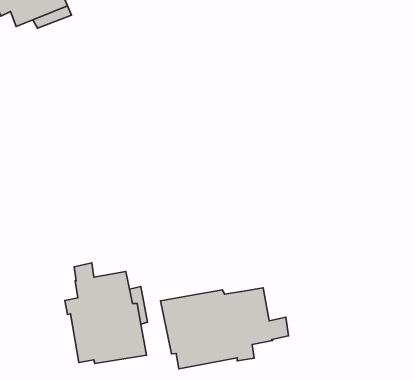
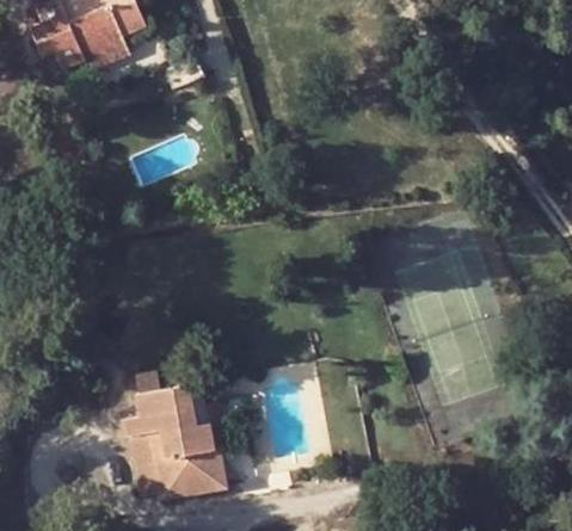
building: [161,288,289,369] -> none

